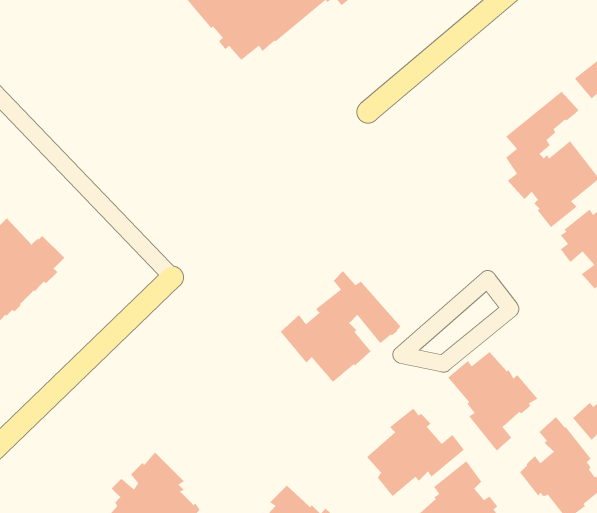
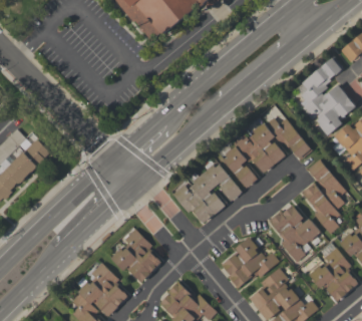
building: none -> [223,117,312,188]
building: none -> [302,158,345,234]
building: none -> [110,229,160,282]

